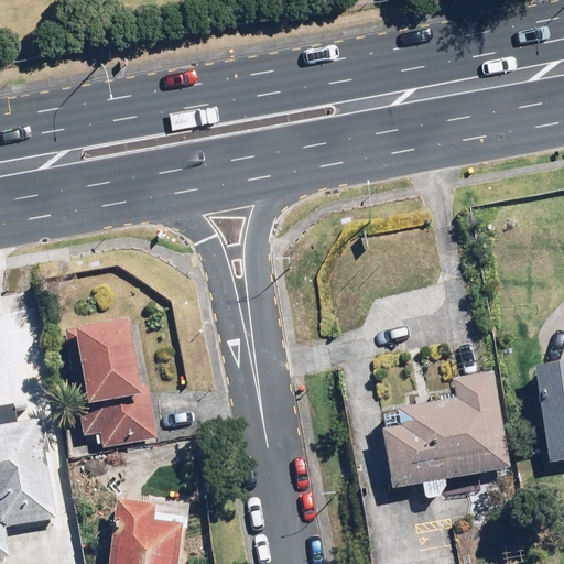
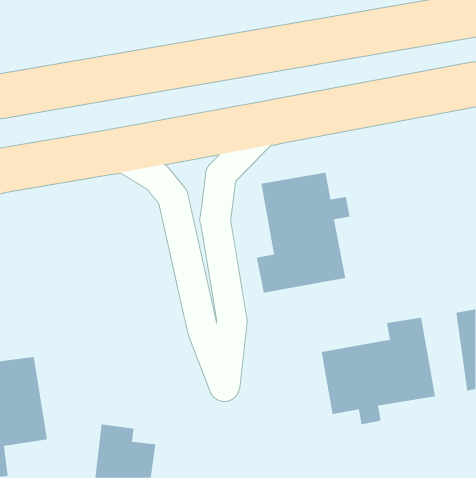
building: none -> [256,172,350,293]
building: [67,319,154,449] -> none

